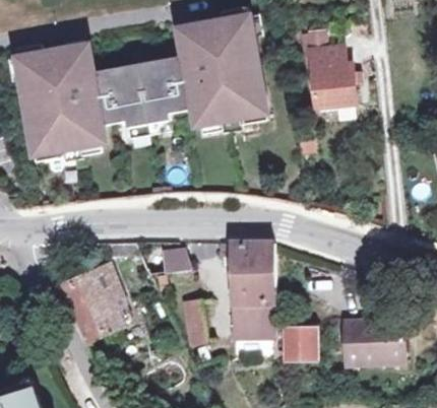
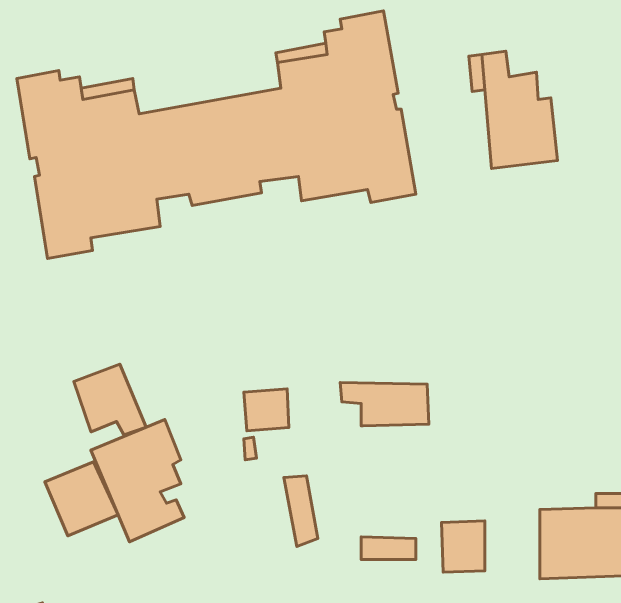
building: none -> [74,364,146,435]
building: [233,268,275,337] -> none
building: none -> [45,462,118,536]

